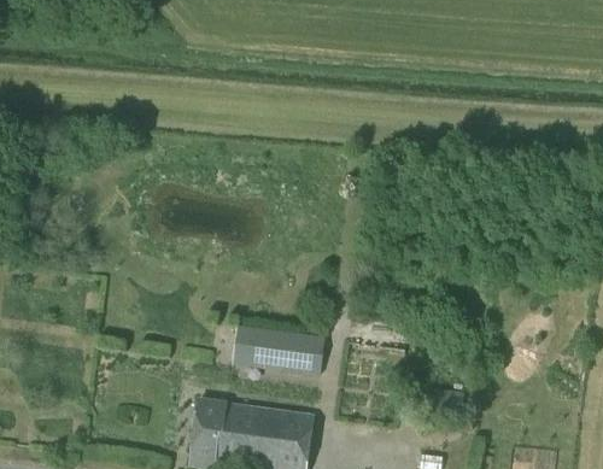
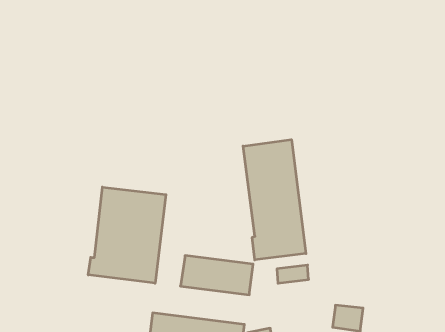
building: none -> [243,140,306,260]
building: none -> [88,187,166,283]

